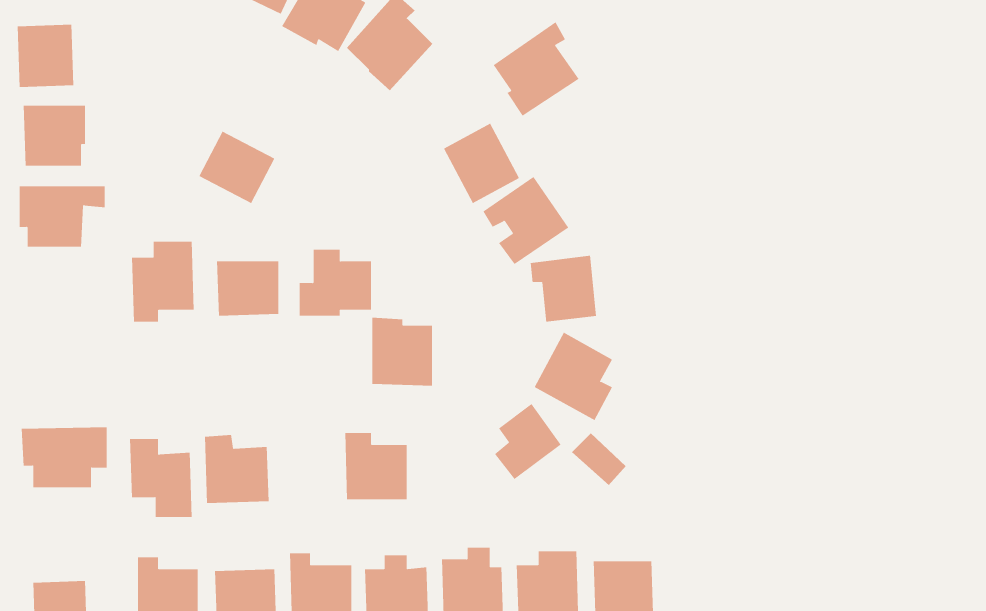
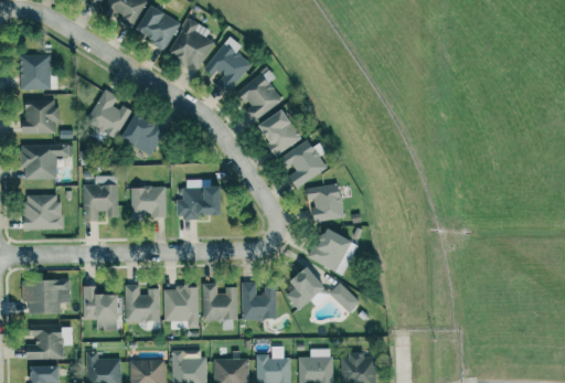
building: [493,22,580,116] -> [234,68,282,121]
building: none -> [86,88,128,137]
building: none -> [23,194,61,230]
building: [372,317,433,386] -> [242,281,276,320]
building: none -> [163,286,199,329]
building: none -> [25,325,72,360]

